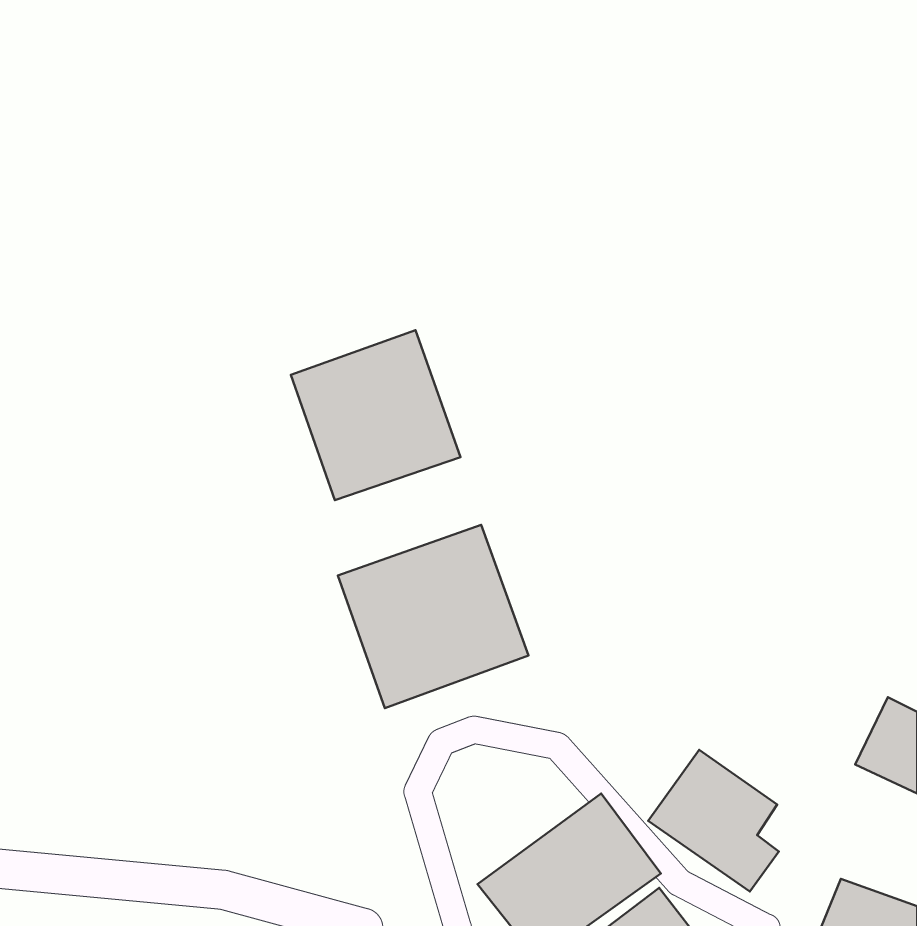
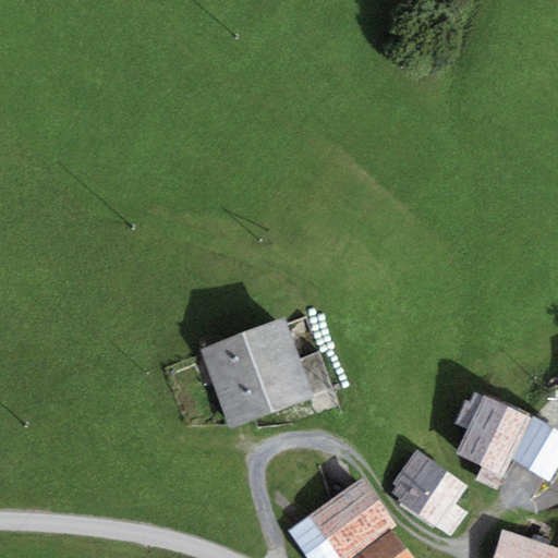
building: [291,330,461,500] -> none
building: none -> [453,397,526,477]

